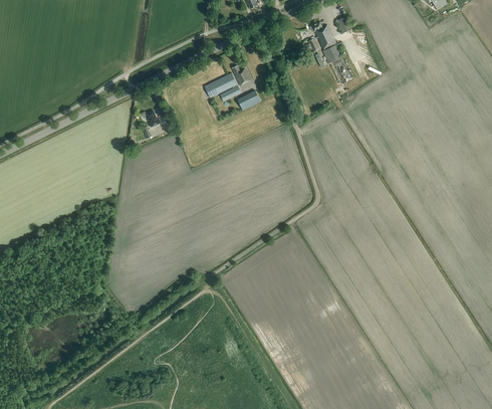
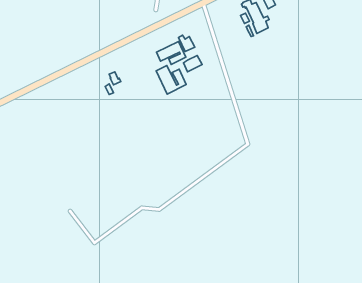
building: none -> [156,65,186,94]

